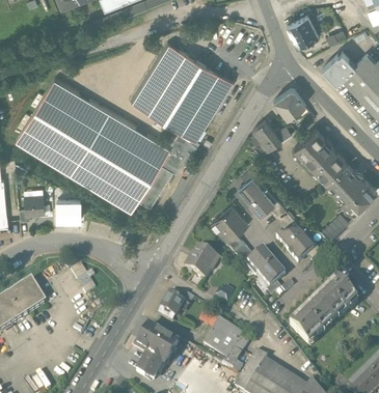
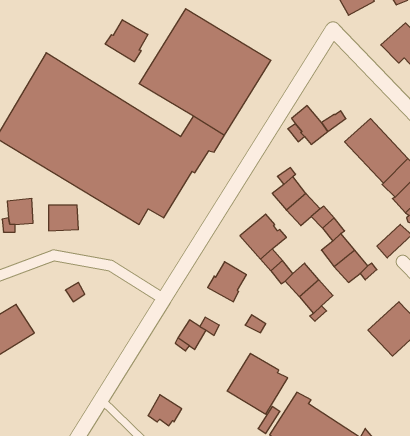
building: none -> [105,20,148,62]
building: [271,87,306,117] -> none
building: [289,299,333,343] -> none
building: [134,324,178,362] -> none

